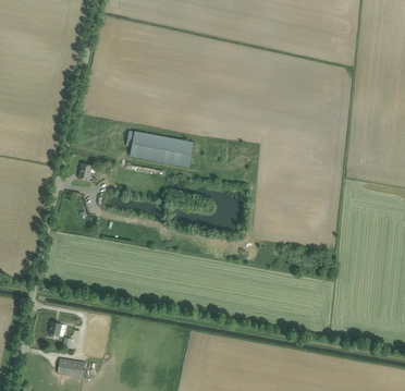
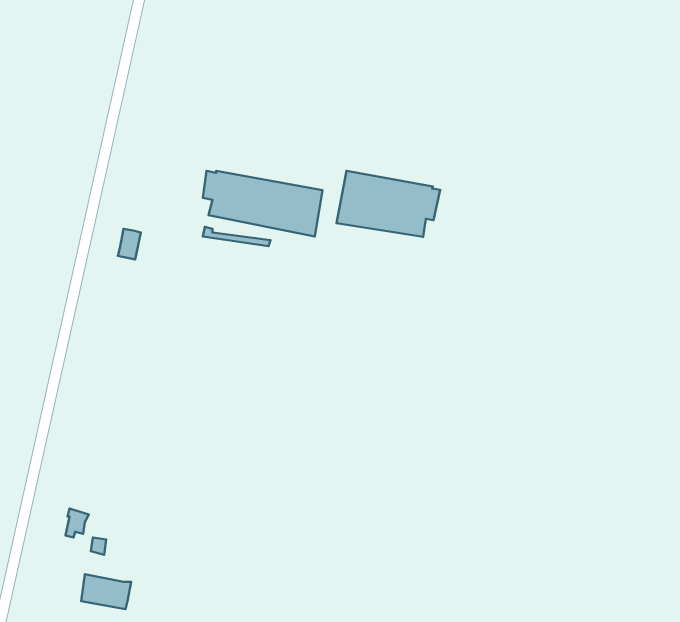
building: none -> [336,171,440,237]

